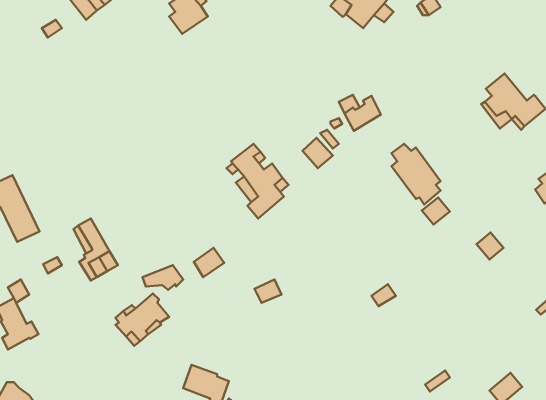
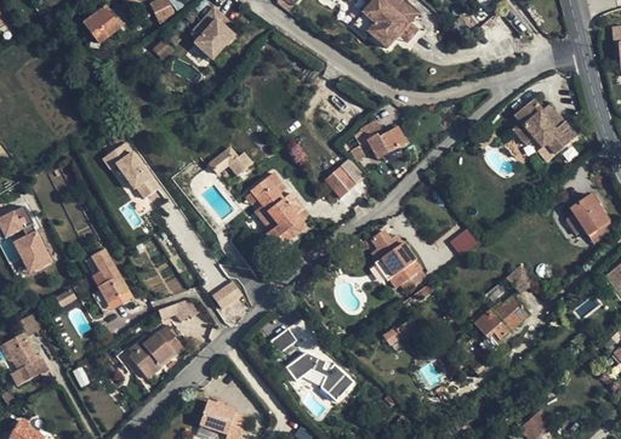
building: none -> [106,139,160,203]
building: none -> [210,148,253,173]
building: [391,144,440,205] -> [371,230,422,293]
building: none -> [473,291,529,352]
building: none -> [286,343,347,398]

